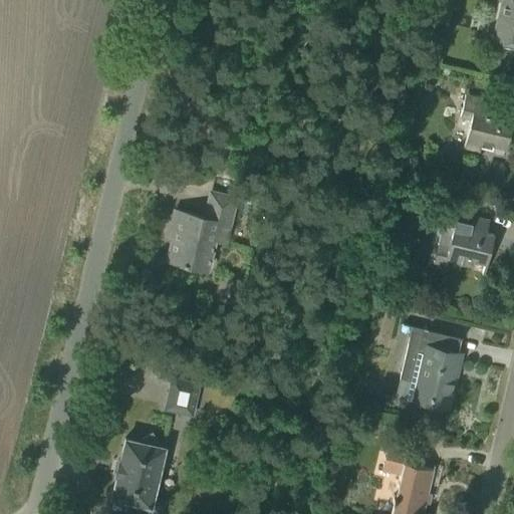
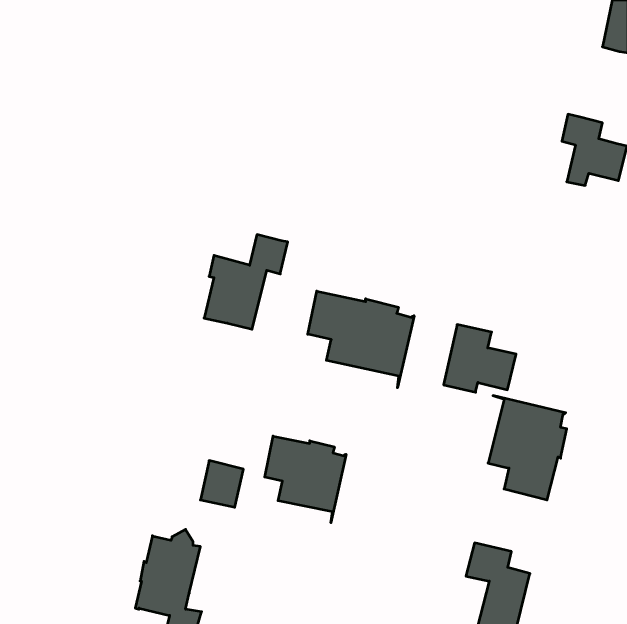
building: [435,213,494,268] -> [444,325,516,392]
building: none -> [308,291,414,388]
building: none -> [265,436,346,523]

